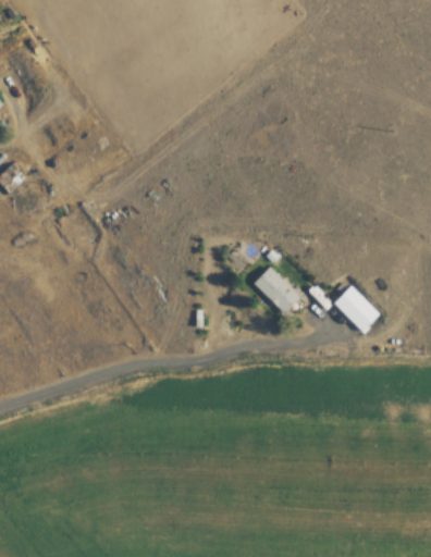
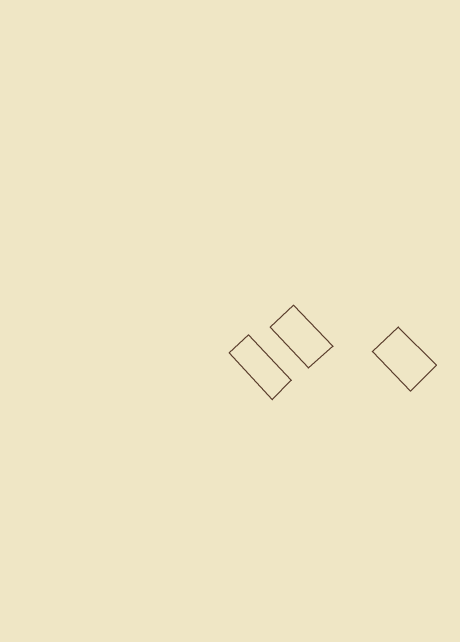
building: none -> [229,335,291,400]

